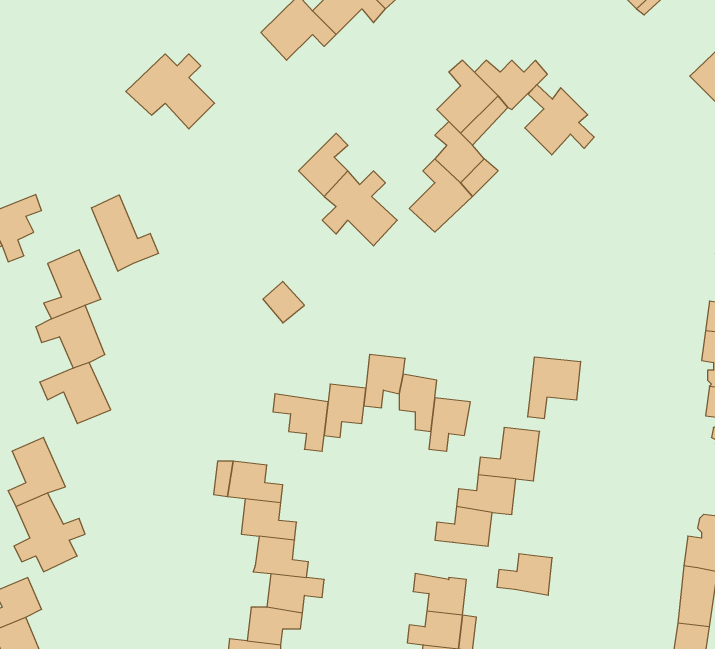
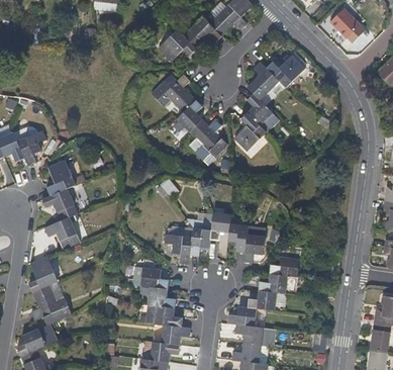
building: [126,54,215,129] -> [151,74,196,112]
building: [525,85,594,155] -> none
building: [91,195,159,271] -> none
building: [528,357,581,419] -> none
building: [497,554,552,595] -> [227,306,256,328]

